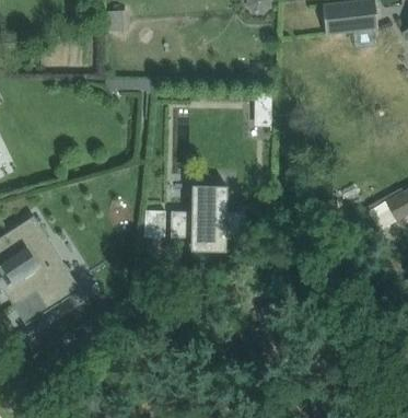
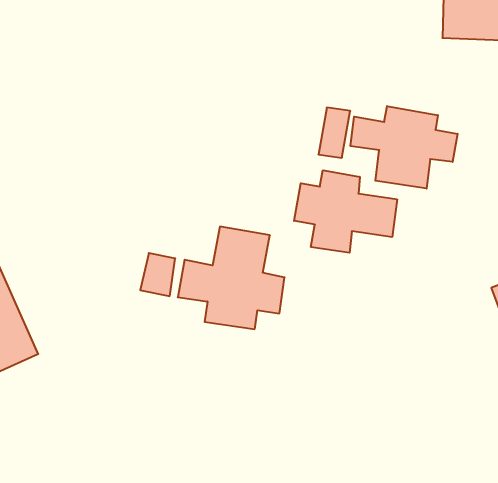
building: none -> [350,106,458,189]
building: none -> [294,170,397,253]

